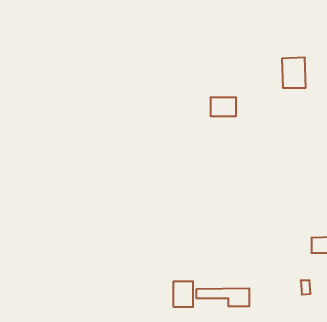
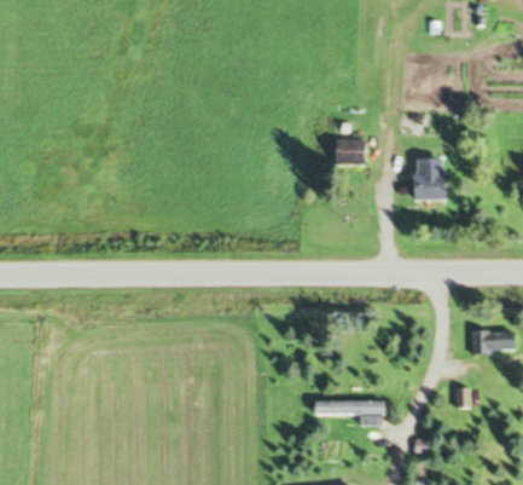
building: [282,58,306,88] -> [416,158,448,200]
building: [174,281,193,307] -> none

